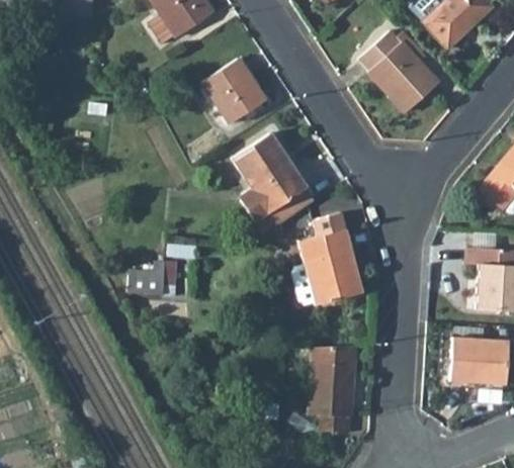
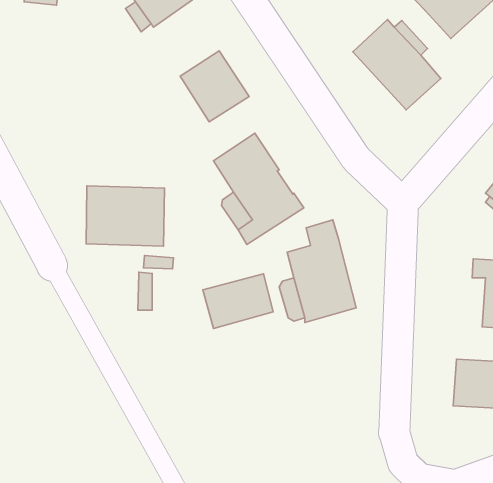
building: none -> [86,186,164,246]
building: [128,261,165,294] -> none
building: none -> [203,274,273,328]
building: [310,346,355,433] -> none

